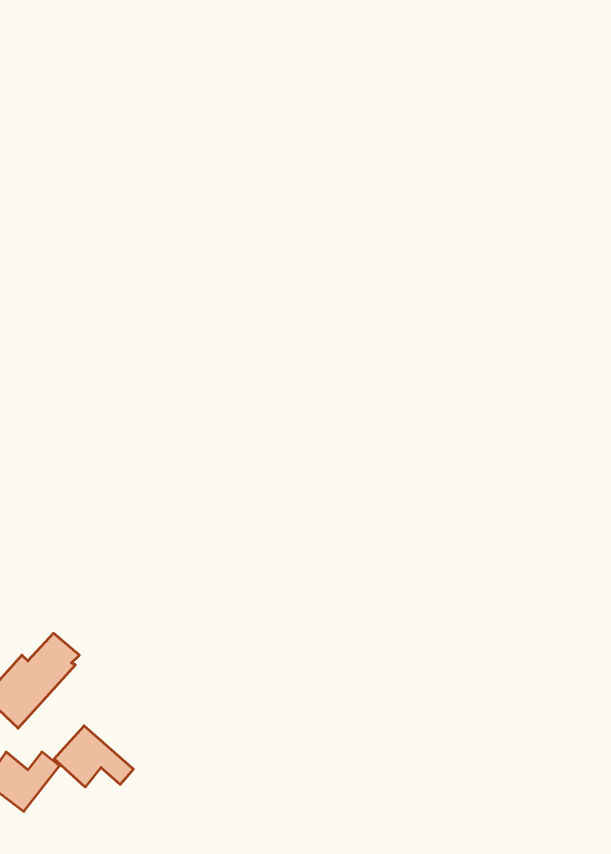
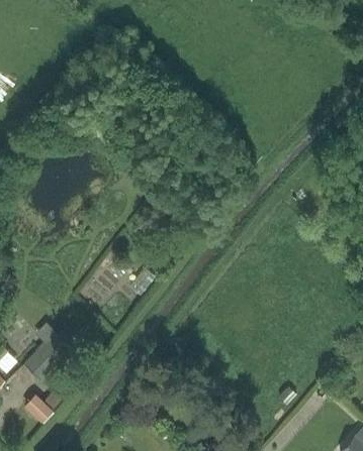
building: [54,726,133,787] -> none

